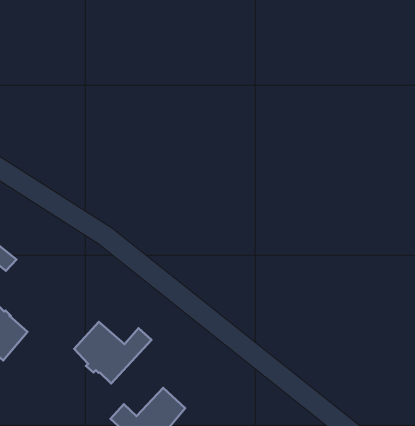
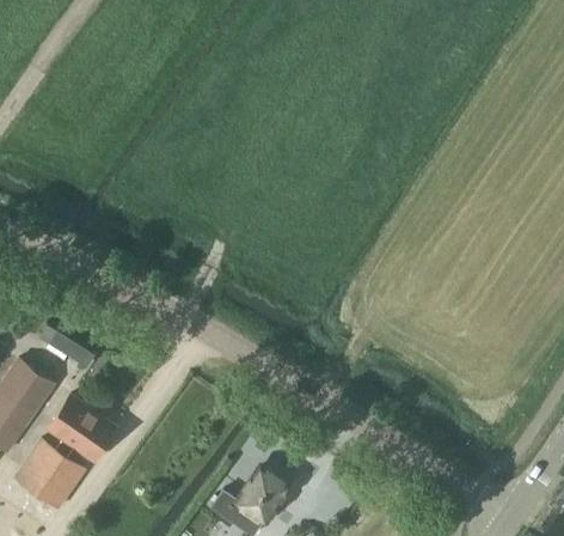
building: [74,322,151,383] -> none

